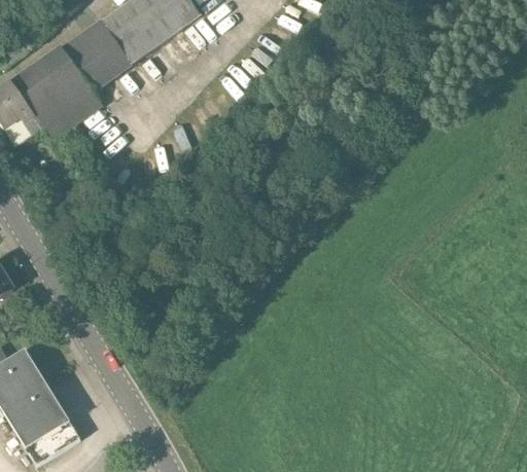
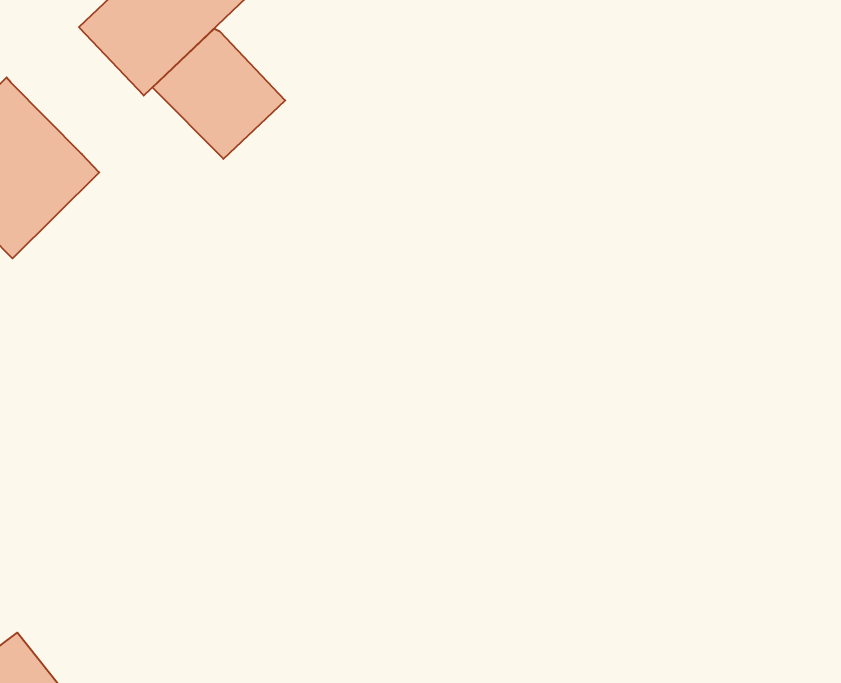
building: [60,20,132,92] -> [152,29,285,159]

